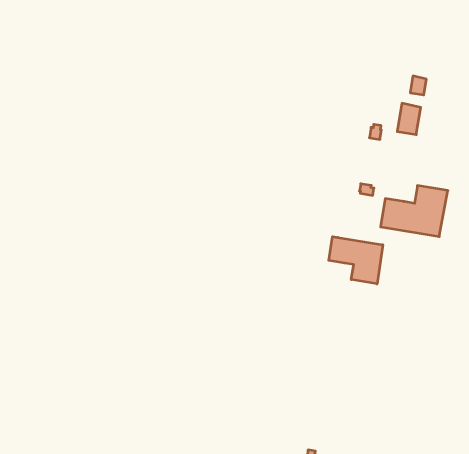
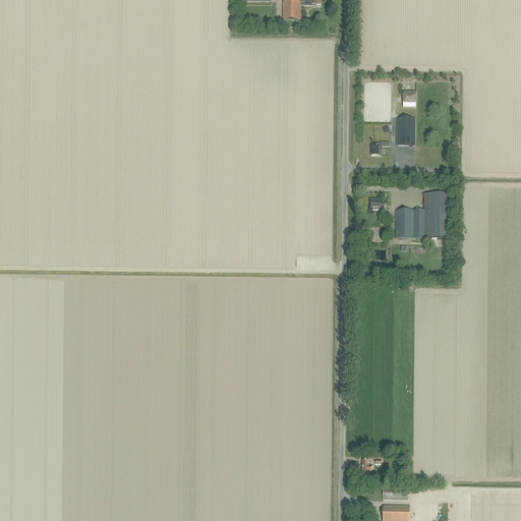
building: [329,237,383,284] -> none

